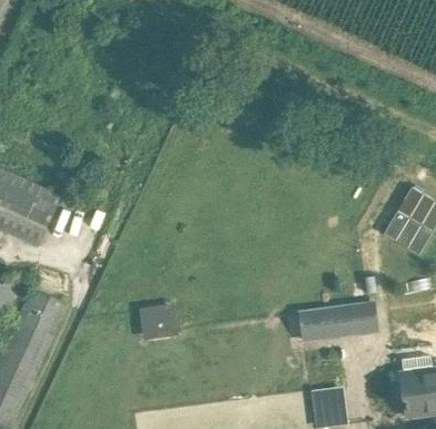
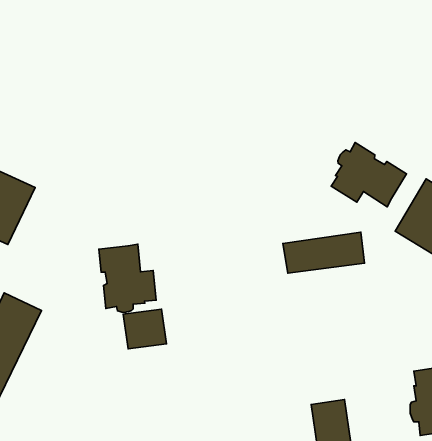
building: none -> [331,143,407,207]
building: none -> [99,244,156,312]
building: [301,303,375,340] -> [283,232,364,273]

